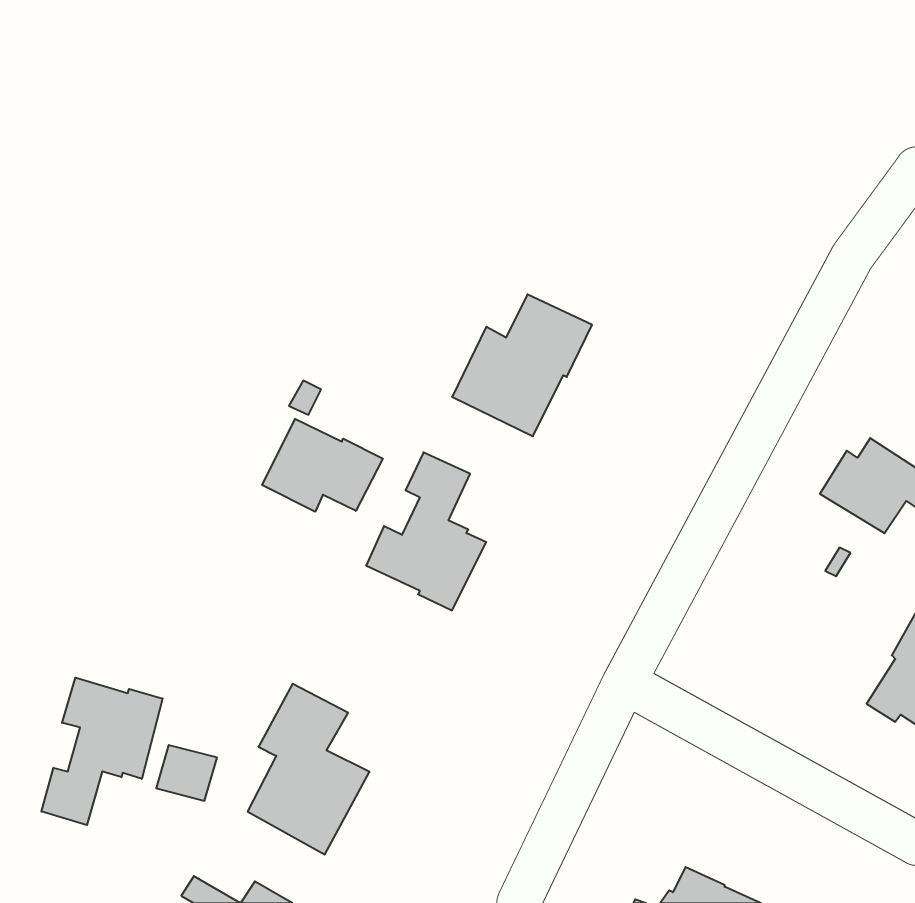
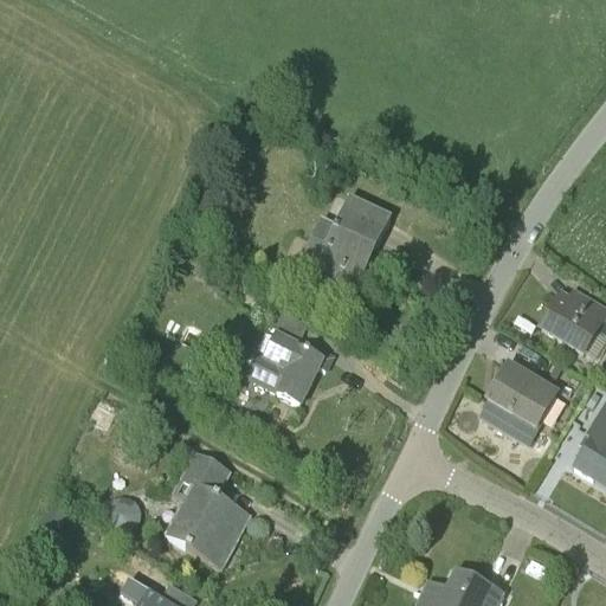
building: [262,419,383,512] -> none
building: none -> [482,363,557,441]
building: [41,678,163,825] -> none

